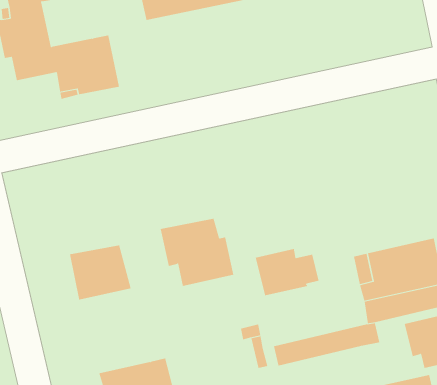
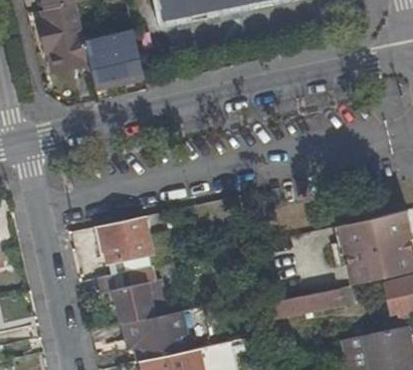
building: [160,218,234,287] -> [104,265,167,324]
building: [255,248,319,296] -> none

